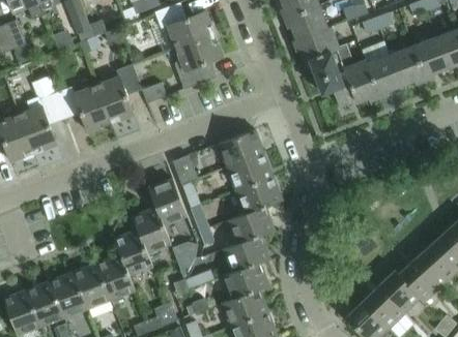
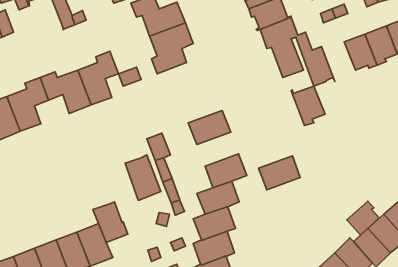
building: [364,55,401,98] -> [291,86,325,126]
building: [227,154,273,191] -> [258,156,300,190]
building: [132,208,170,253] -> none
building: none -> [347,201,379,235]

